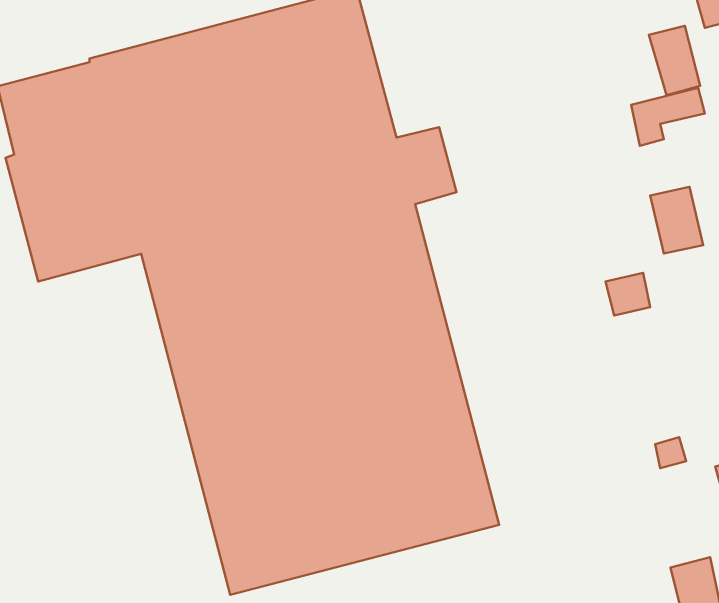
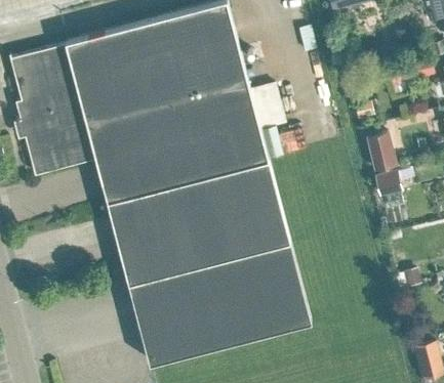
building: [649,26,700,95] -> none
building: [650,187,703,254] -> [365,131,397,171]

